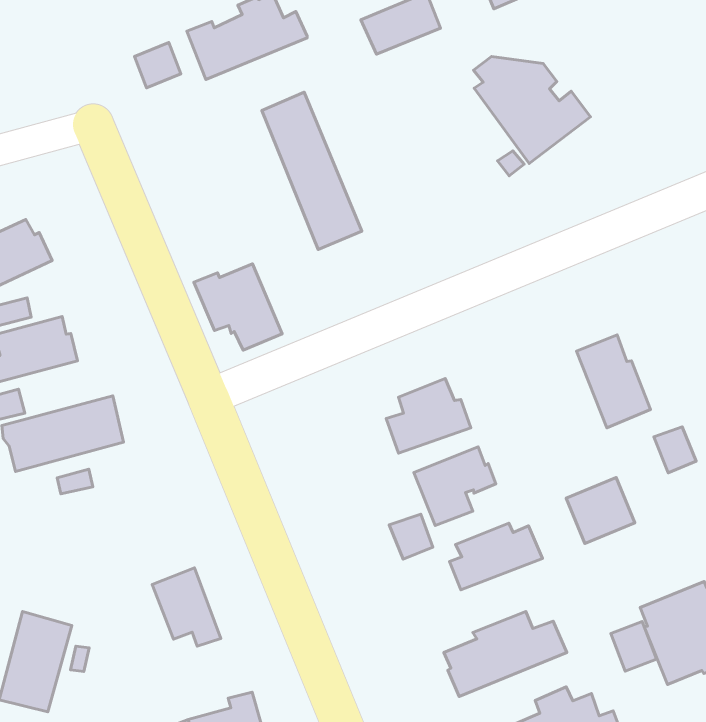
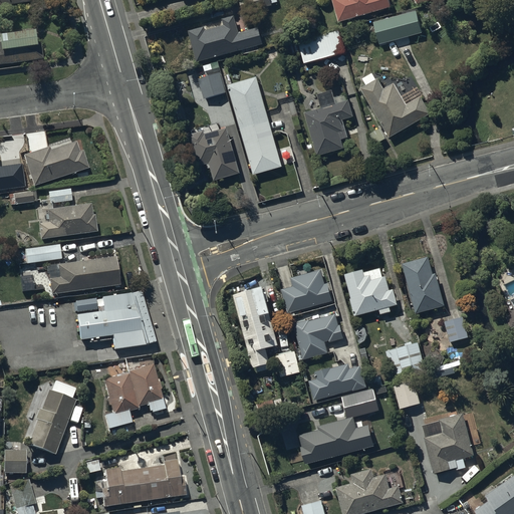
building: [134,42,181,88] -> [199,78,226,104]
building: none -> [304,96,352,161]
building: [194,264,282,350] -> [190,126,240,179]
building: none -> [346,267,399,314]
building: none -> [233,283,279,372]
building: none -> [75,292,146,349]
building: none -> [342,390,378,418]
building: none -> [103,373,136,430]
building: [611,621,657,671] -> [395,378,421,408]

